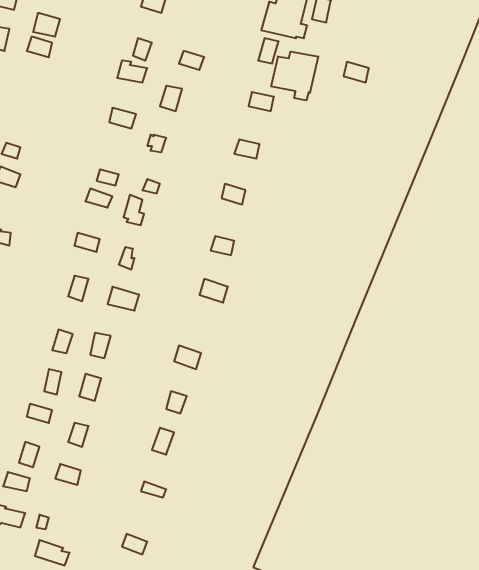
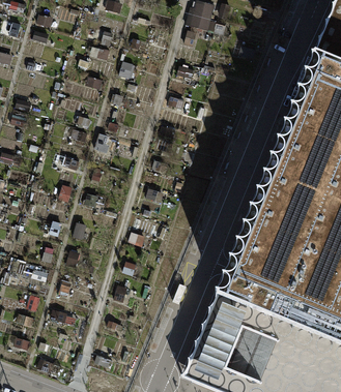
building: [271,52,318,100] -> none

